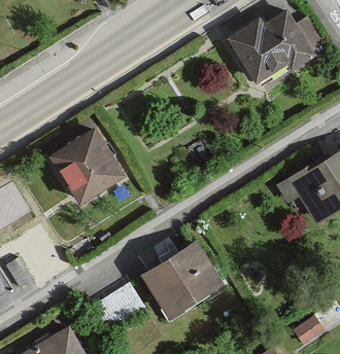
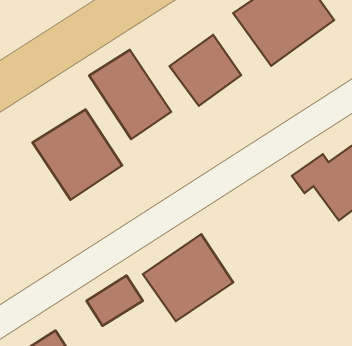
building: none -> [170,35,241,106]
building: none -> [89,50,171,139]

